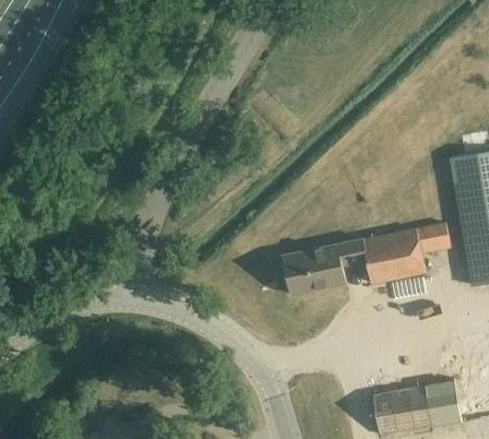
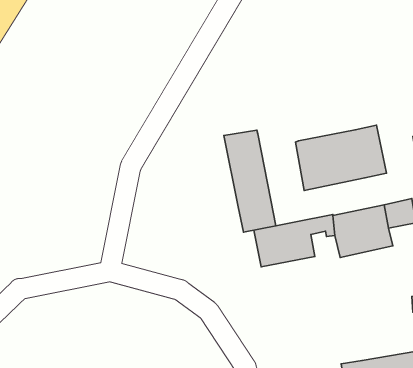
building: none -> [295,125,386,191]
building: none -> [224,130,276,232]

